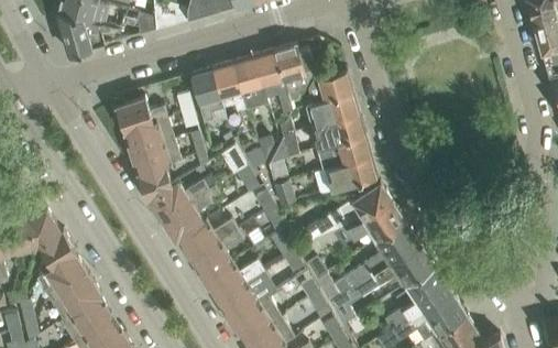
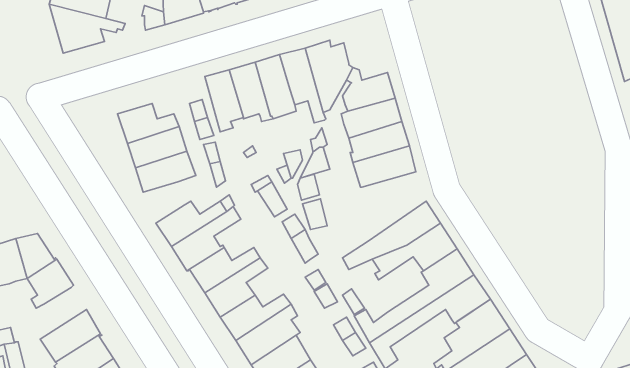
building: [314,156,378,195] -> none
building: [138,165,173,200] -> none
building: [37,255,89,300] -> none

